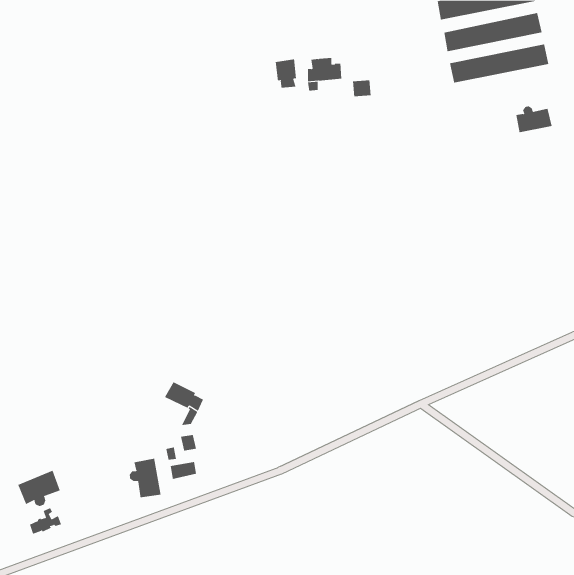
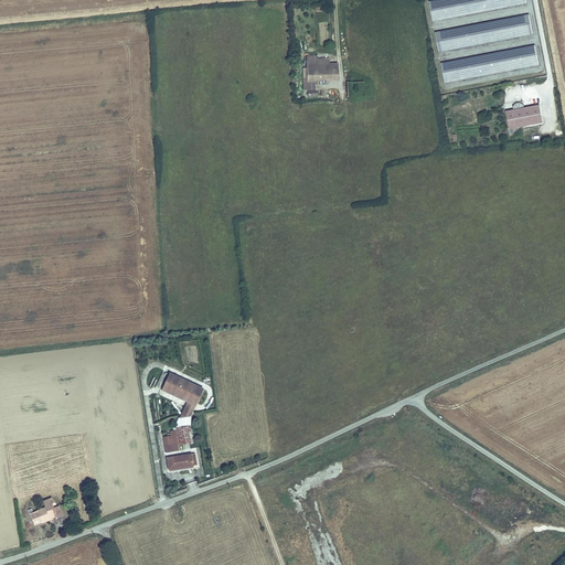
building: [275,59,297,89] -> none
building: [129,458,161,498] -> none
building: [17,470,60,507] -> none

